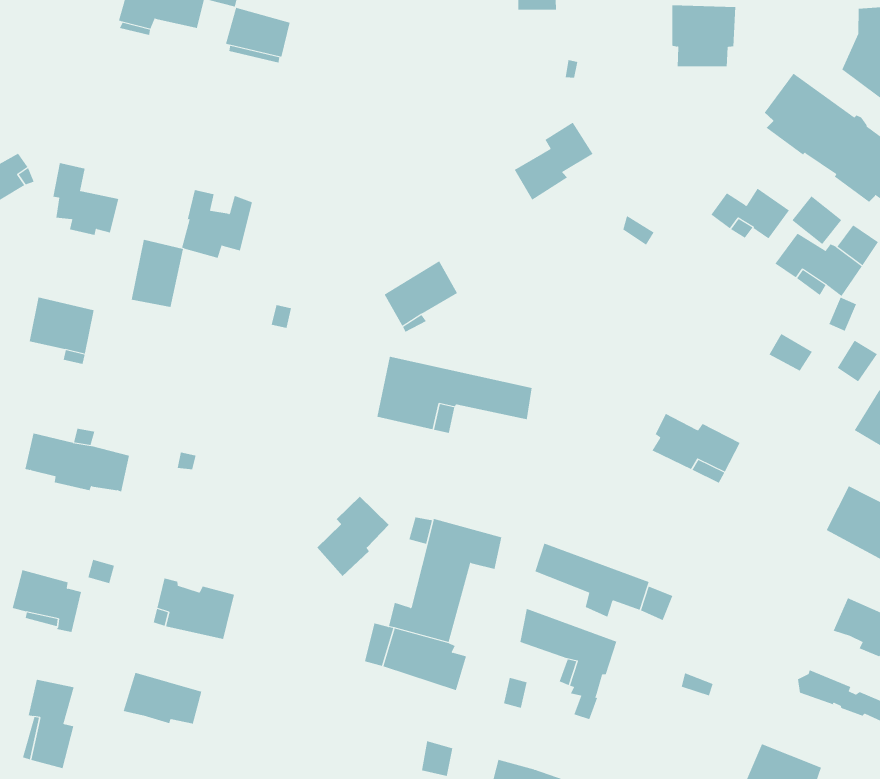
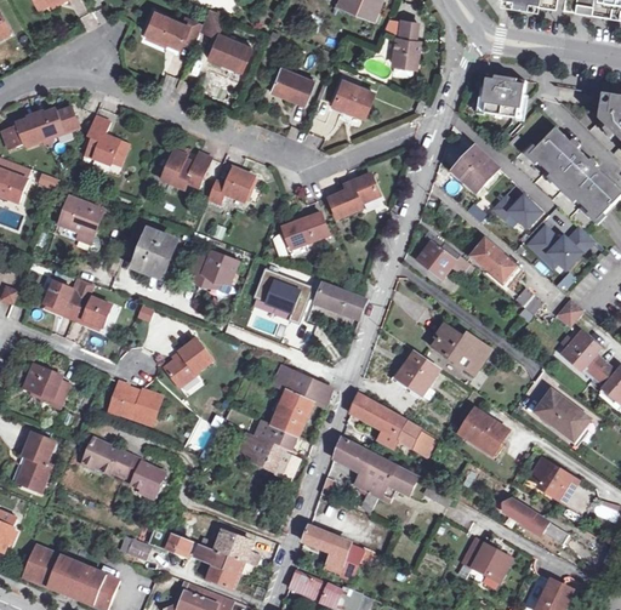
building: none -> [269,67,314,106]
building: none -> [331,80,372,116]
building: [514,122,594,200] -> [329,173,380,218]
building: none -> [455,147,498,192]
building: none -> [206,166,252,204]
building: [131,239,184,308] -> [137,230,175,275]
building: none -> [471,239,517,283]
building: none -> [418,235,474,279]
building: none -> [189,250,239,287]
building: none -> [395,352,439,394]
building: [316,496,389,577] -> [166,338,213,387]
building: none -> [458,407,508,457]
building: none -> [378,463,417,502]
building: none -> [125,456,165,495]

